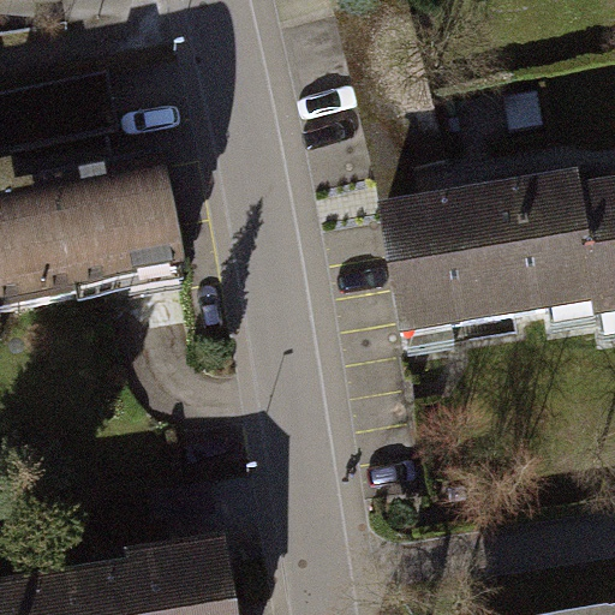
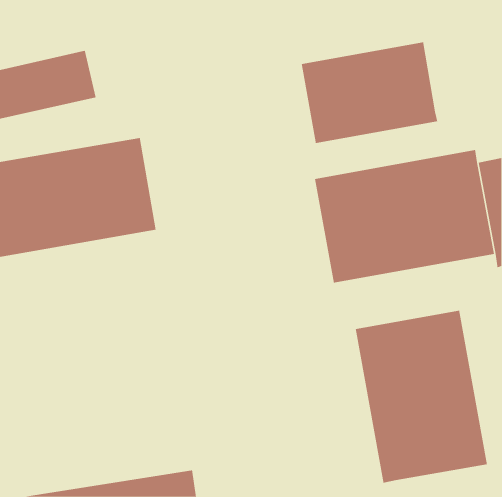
building: none -> [301,41,438,144]
building: none -> [355,310,487,483]

